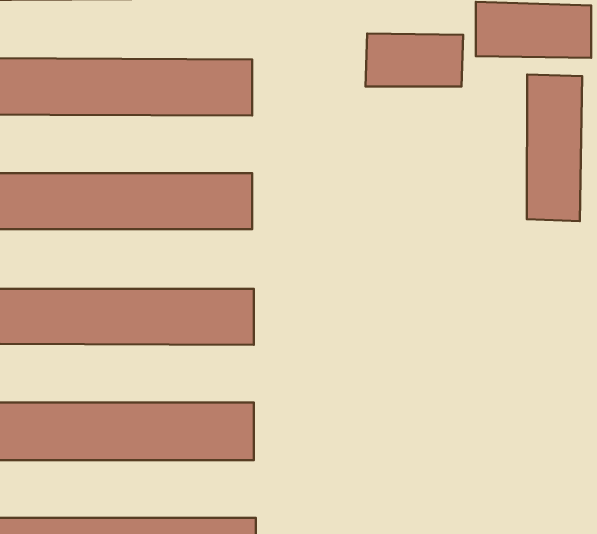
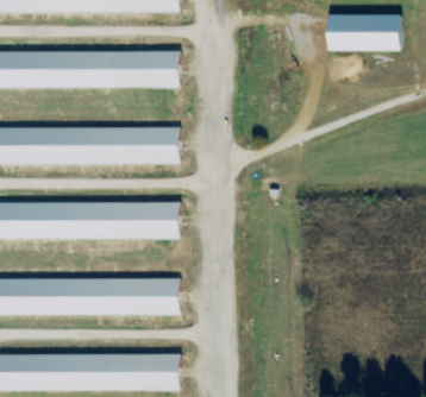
building: [366,33,463,87] -> none
building: [527,74,582,221] -> none

